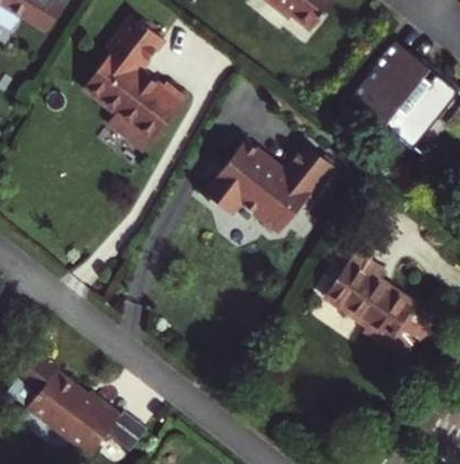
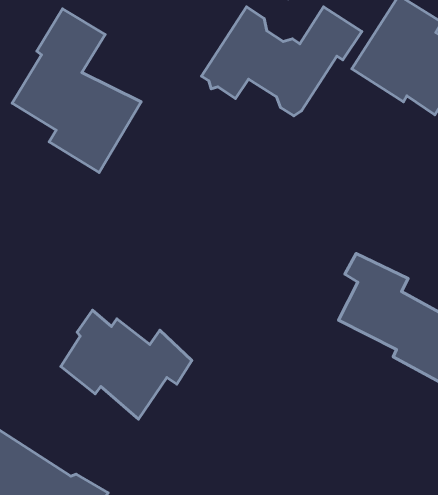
building: [202,140,335,233] -> [202,7,362,116]
building: none -> [61,310,192,419]

